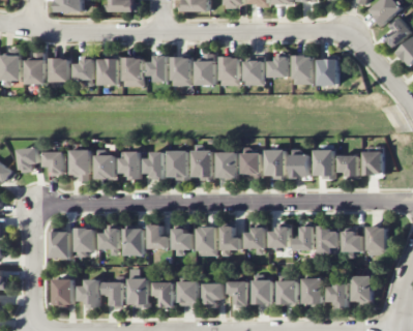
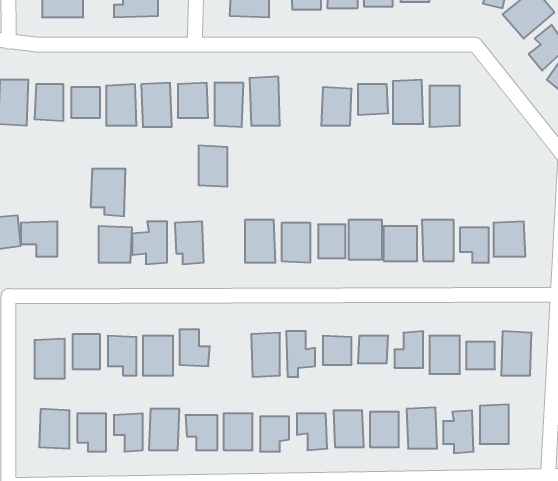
building: [220,57,240,86] -> none
building: [67,150,91,182] -> [91,169,126,216]
building: [169,150,188,178] -> [198,146,227,187]
building: [172,230,193,249] -> none

